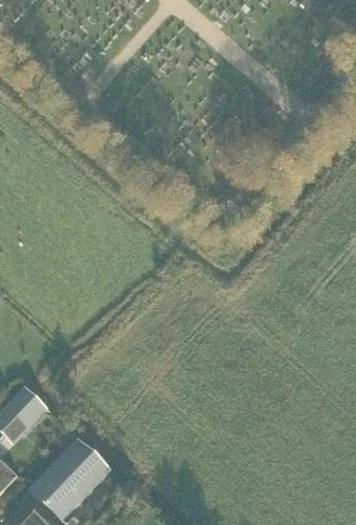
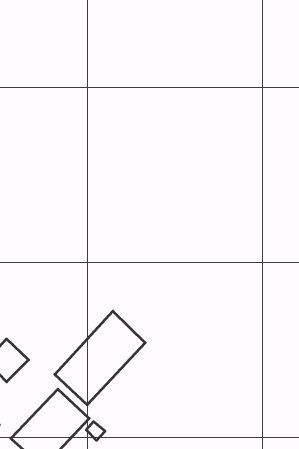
building: none -> [55,311,145,405]

